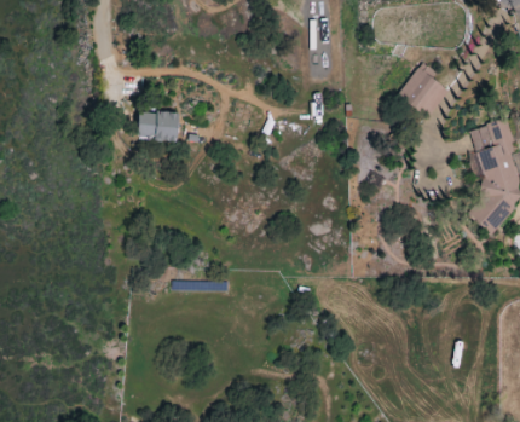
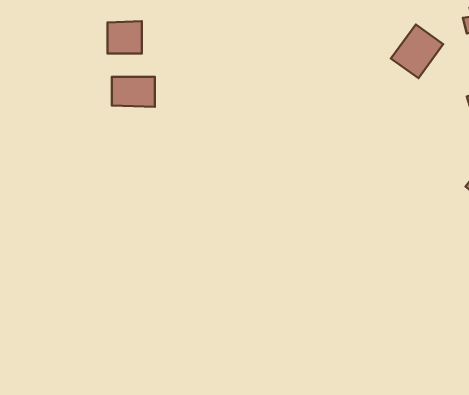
building: none -> [107,21,142,54]

